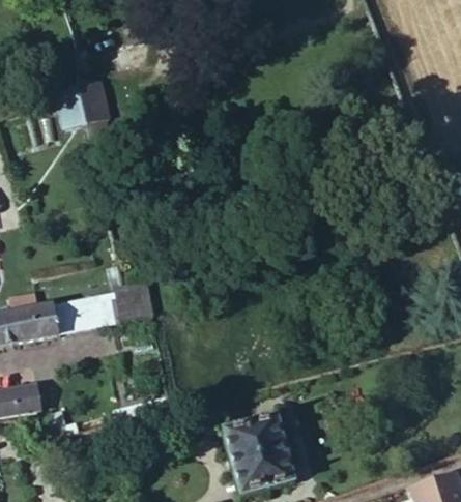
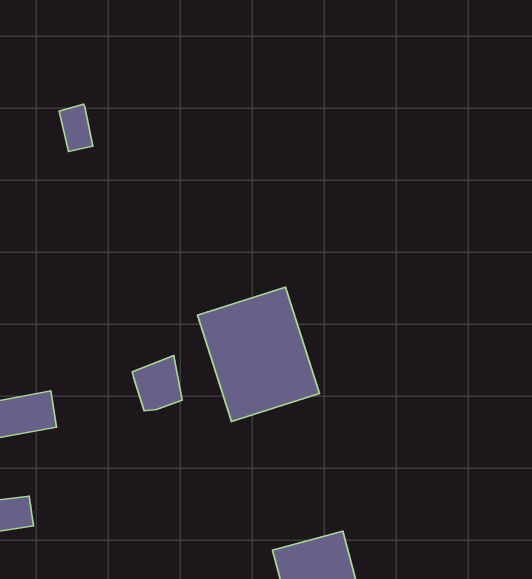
building: [80,83,110,124] -> none
building: none -> [197,287,320,421]
building: [54,295,125,333] -> none

